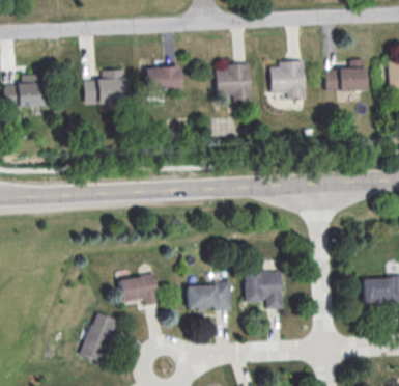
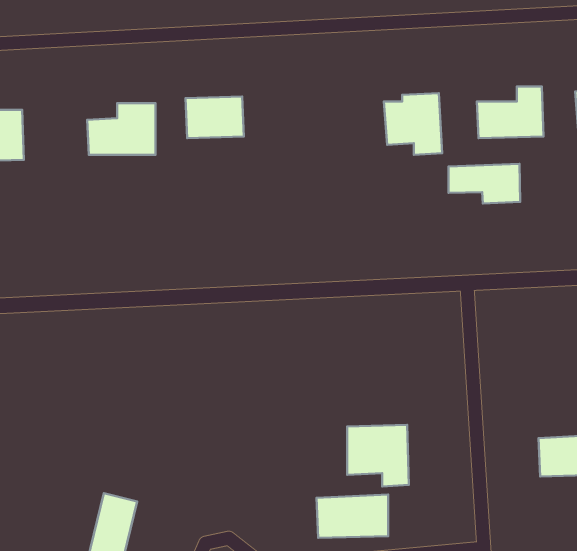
building: [213,65,250,104] -> none
building: none -> [448,164,520,204]
building: [118,273,160,305] -> none
building: [187,282,231,309] -> [316,495,388,538]

